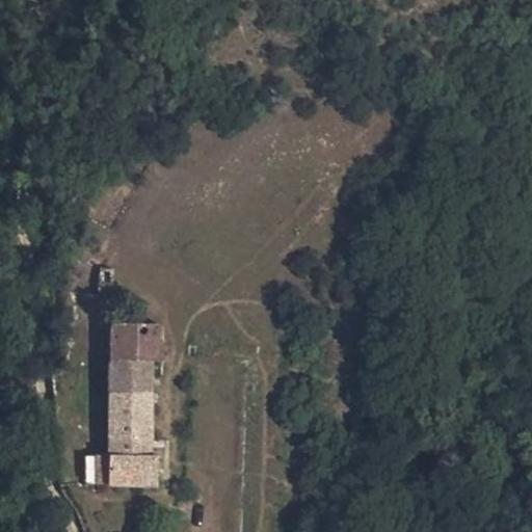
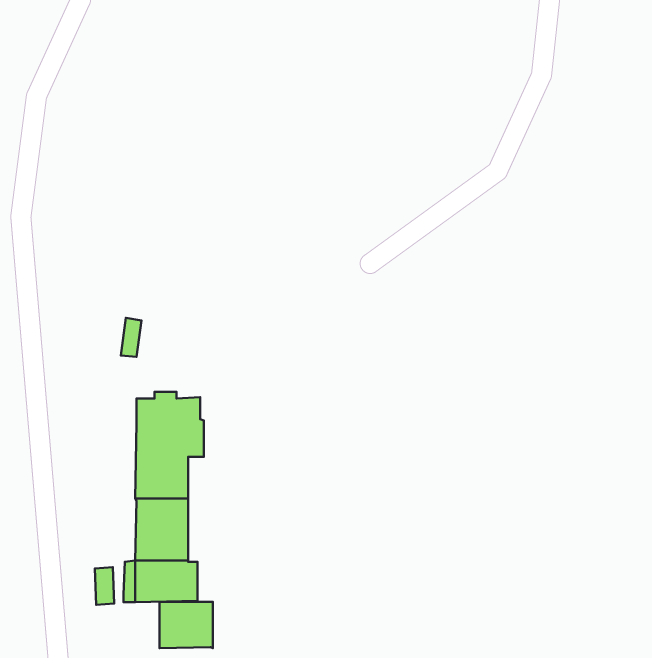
building: none -> [160,602,213,648]

